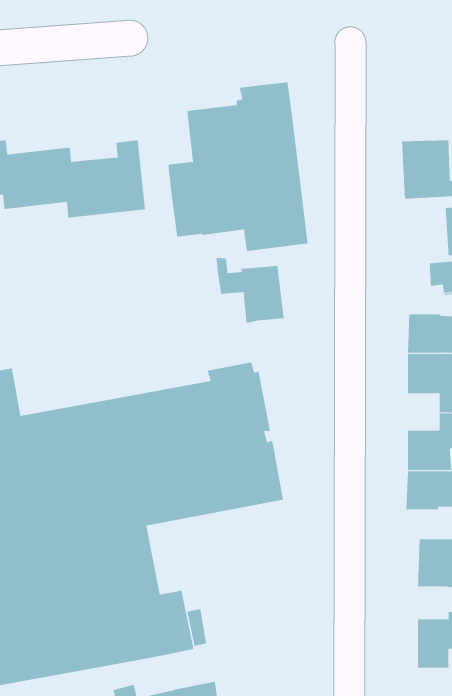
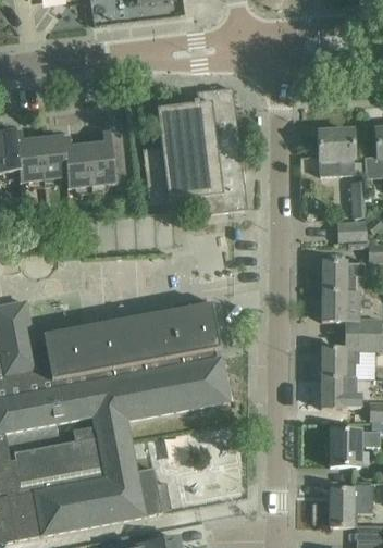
building: [216,257,284,324] -> none

